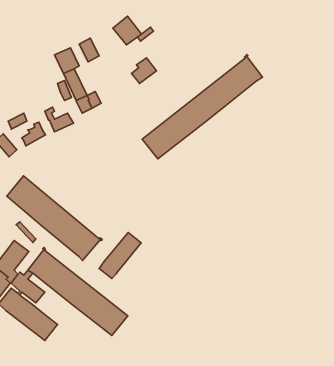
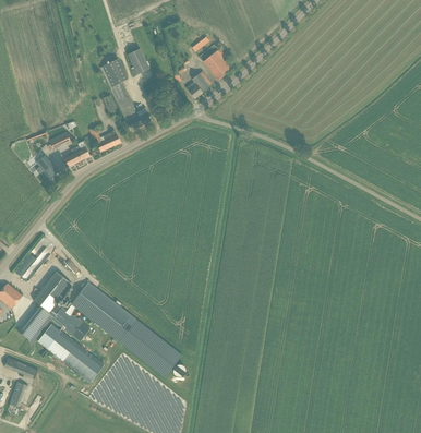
building: [113,16,141,45] -> [202,48,233,80]
building: [142,54,262,159] -> none
building: [7,176,102,260] -> none
building: [99,233,141,279] -> none

